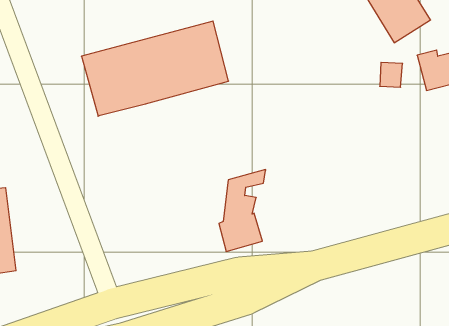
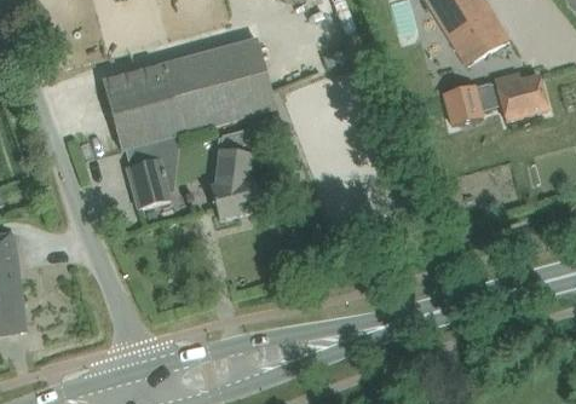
building: none -> [125,135,178,208]
building: [219,170,266,251] -> [211,123,265,219]

